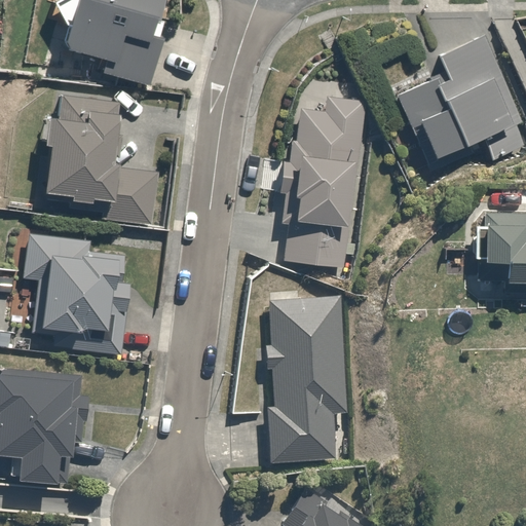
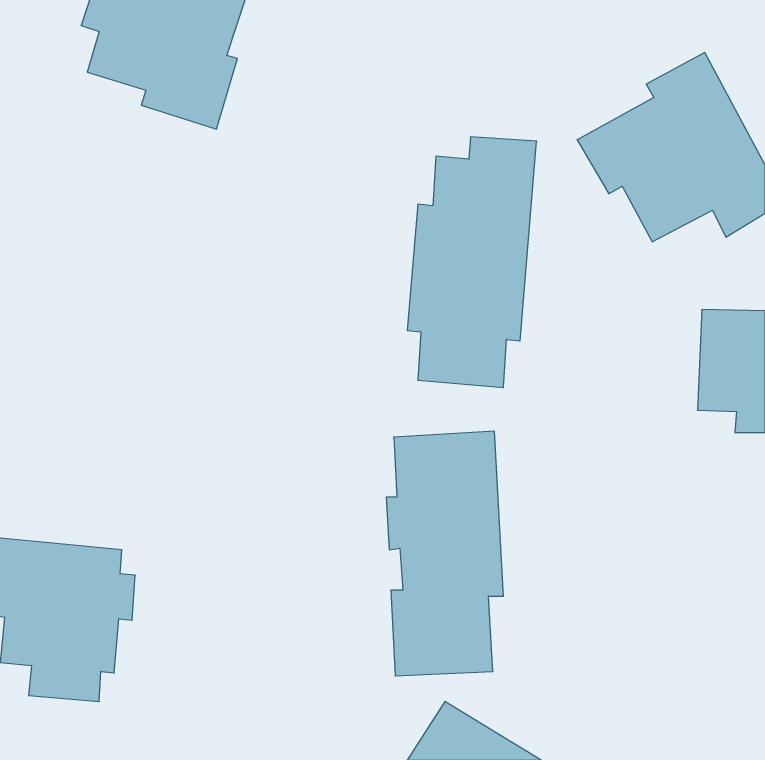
building: [37,93,157,221] -> none
building: [16,236,129,358] -> none

